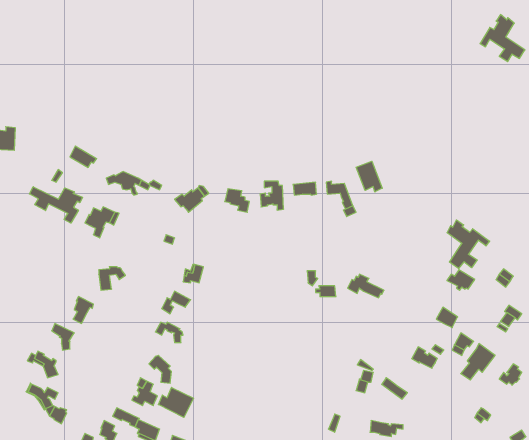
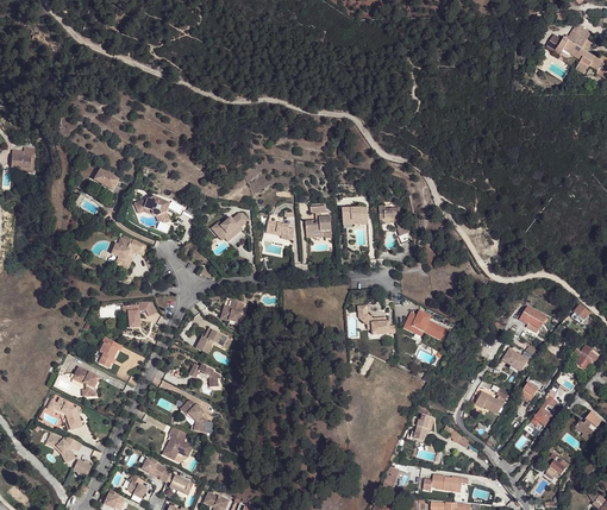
building: [356,161,382,192] -> none
building: [29,187,83,223] -> none
building: [447,220,490,269] -> none
building: [158,387,194,417] -> none

